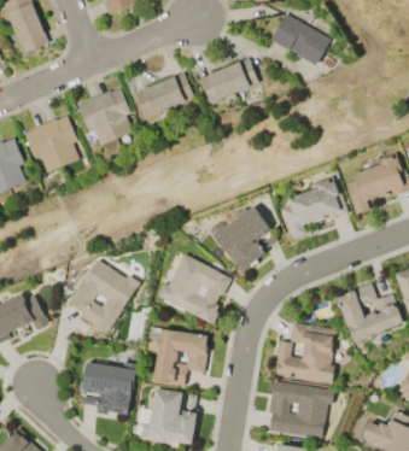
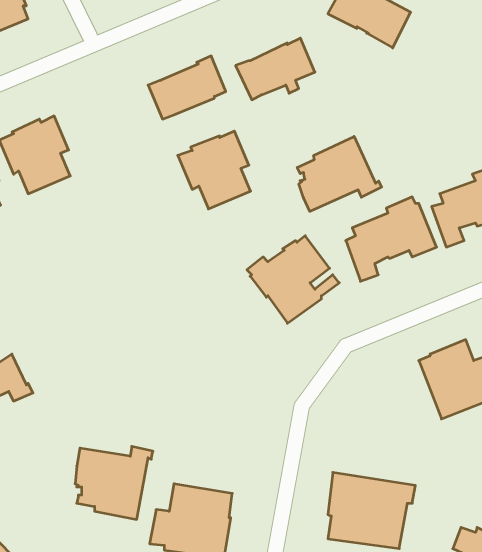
building: [77,88,132,146] -> [178,131,251,209]
building: none -> [297,136,382,211]
building: [157,254,232,324] -> none
building: [68,258,140,334] -> none
building: [275,323,337,383] -> none
building: [148,328,208,387] -> none

